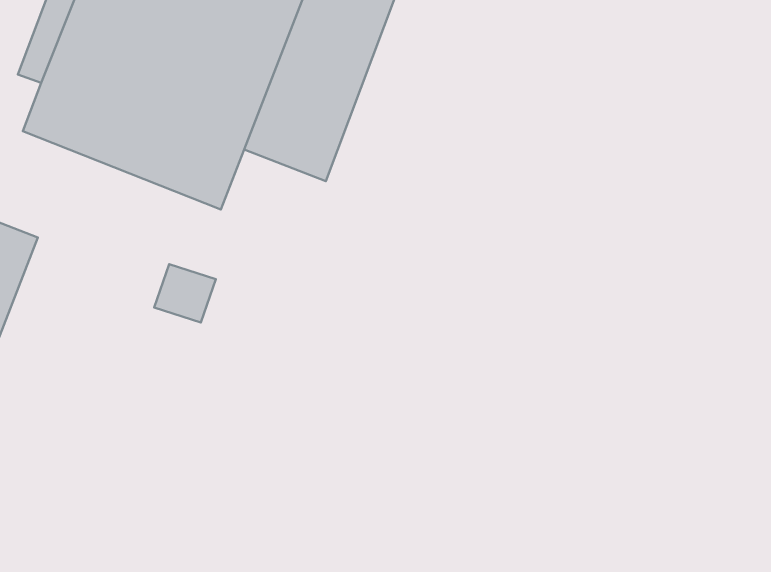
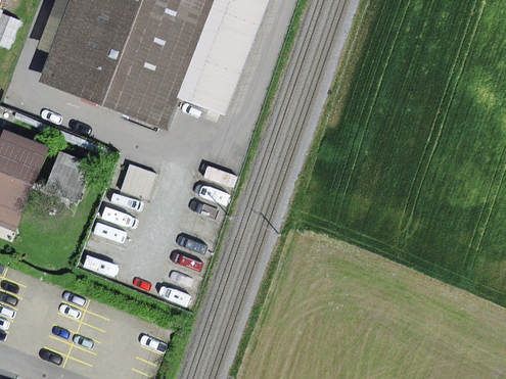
building: none -> [43,150,93,202]

